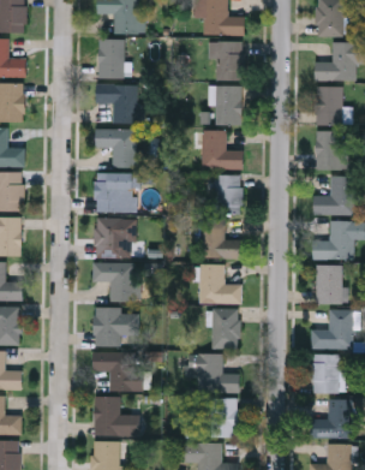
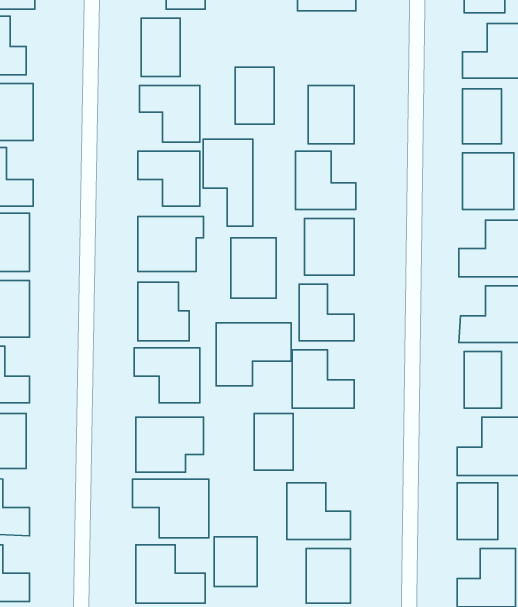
building: [216,42,243,81] -> [235,67,274,124]
building: none -> [203,139,253,226]
building: none -> [231,238,276,298]
building: none -> [216,323,291,386]
building: [213,310,239,349] -> [254,413,293,470]
building: none -> [214,537,257,587]

